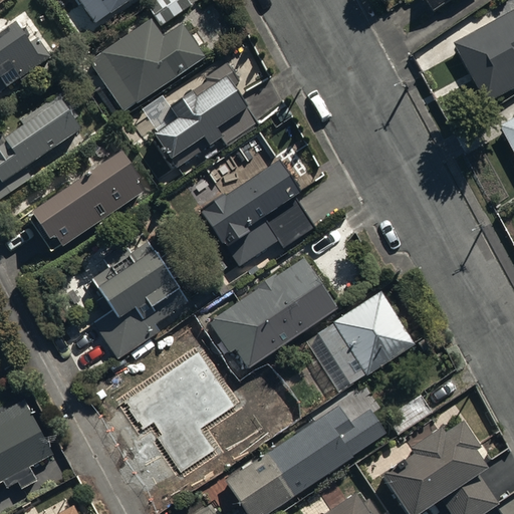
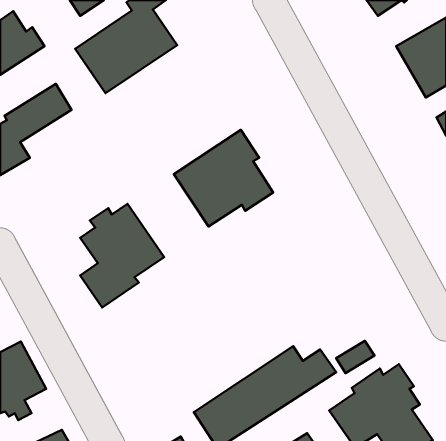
building: [143,78,246,181] -> none
building: [28,146,147,252] -> none
building: [208,257,336,367] -> none
building: [304,290,415,394] -> none
building: [123,356,235,477] -> none

